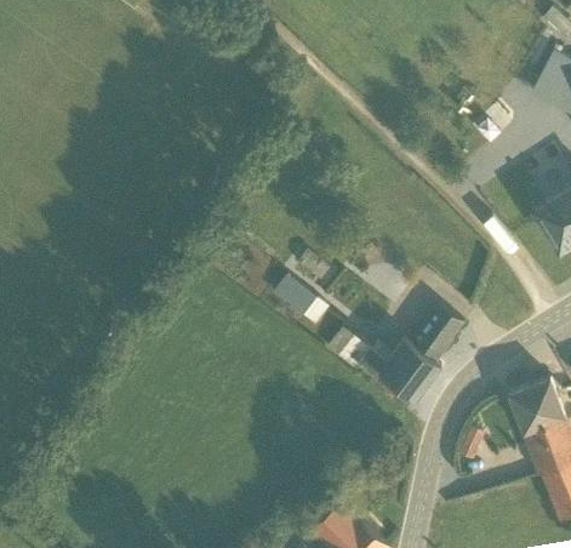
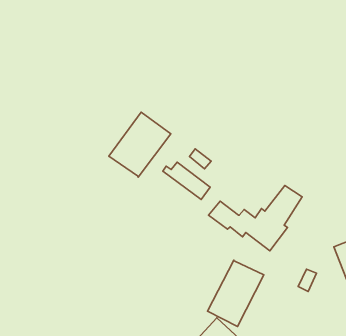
building: none -> [109,112,171,177]
building: none -> [208,260,264,326]

